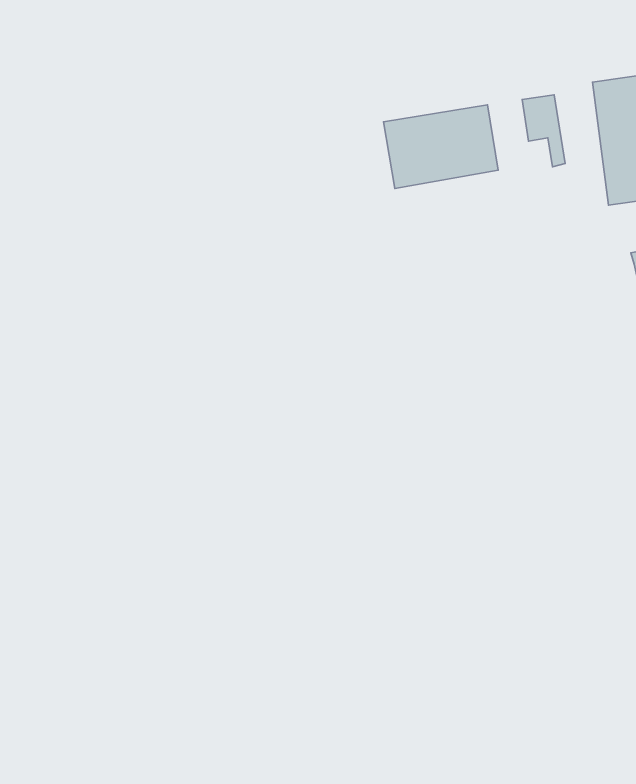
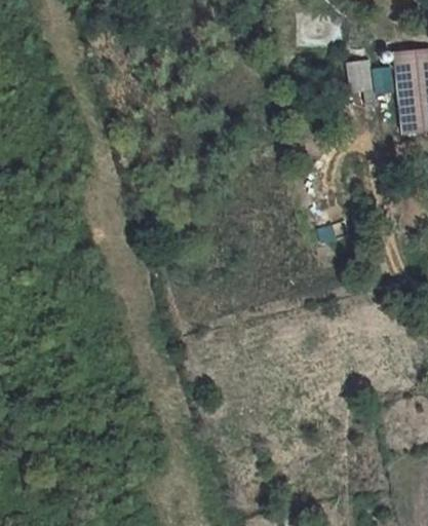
building: [384,105,498,188] -> none

